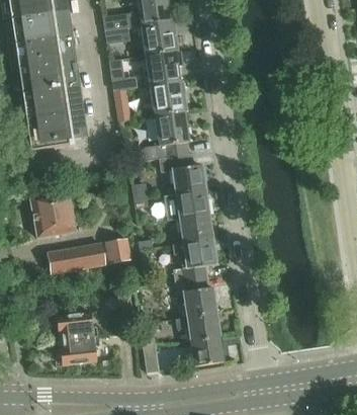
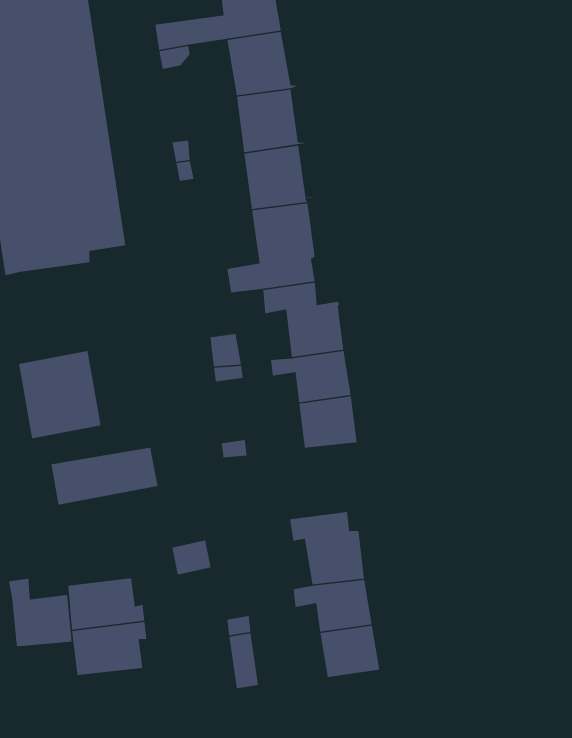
building: [106,235,135,262] -> none
building: [165,241,215,282] -> none
building: none -> [8,578,72,647]

